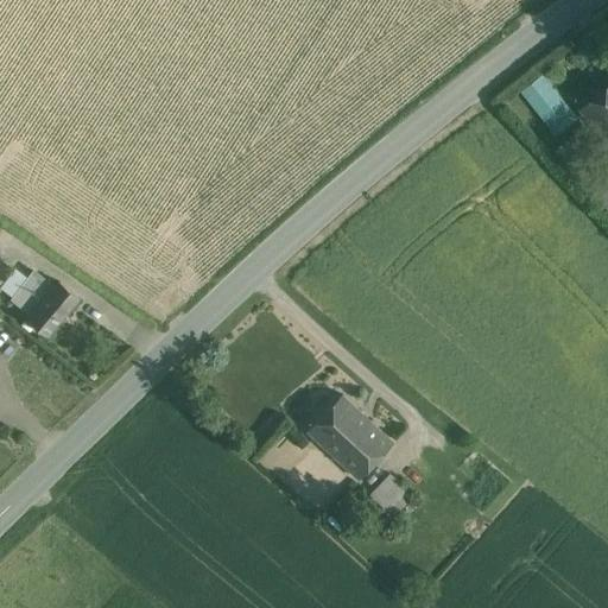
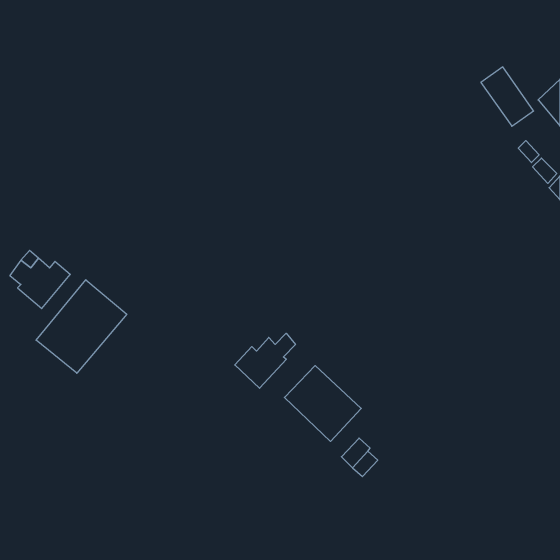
building: none -> [36,280,127,373]
building: none -> [235,333,295,388]

